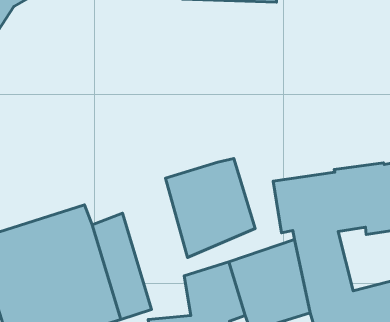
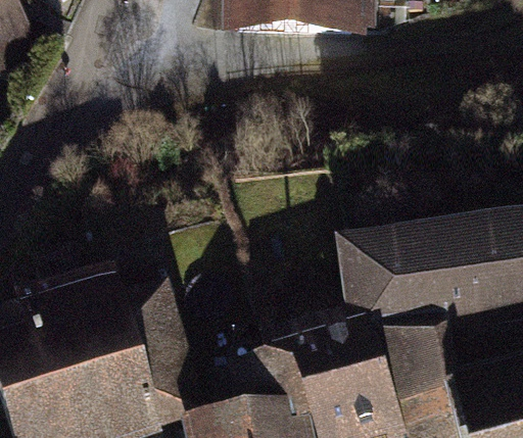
building: [165,159,255,257] -> none

